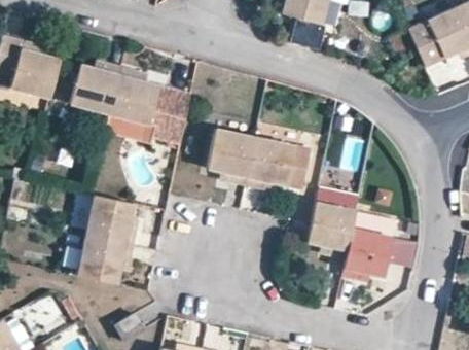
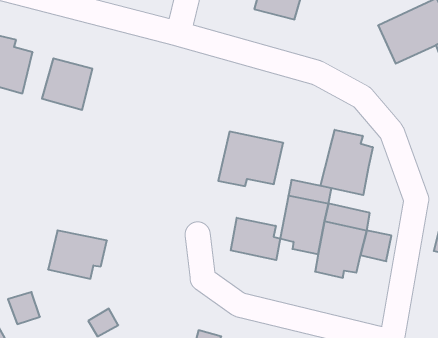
building: [110,73,160,126] -> none
building: [152,84,191,142] -> none
building: [208,127,257,185] -> none
building: none -> [321,130,373,195]
building: [85,195,140,245] -> none
building: none -> [231,218,280,260]

